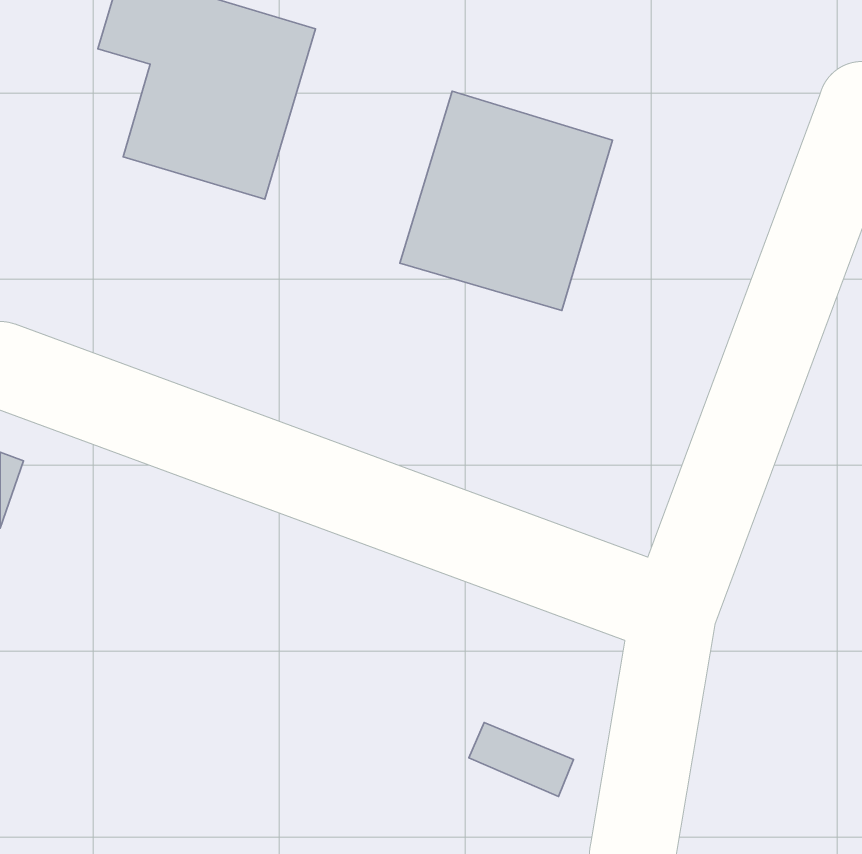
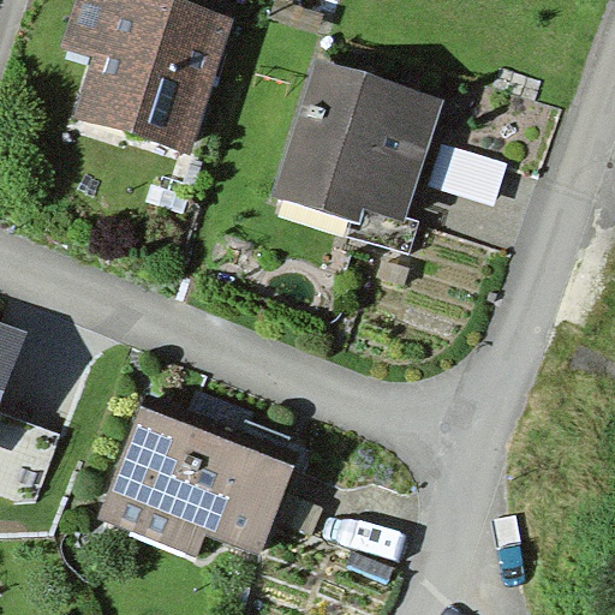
building: none -> [106,413,291,551]

